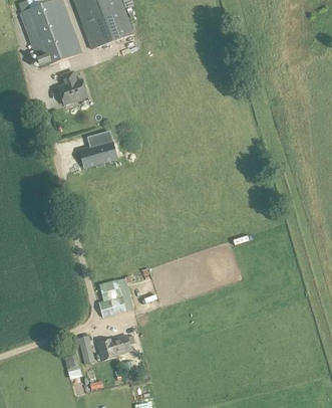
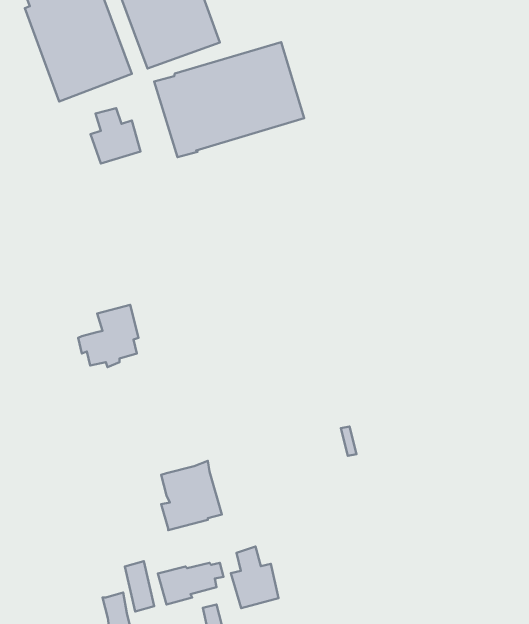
building: none -> [154,42,304,157]
building: [79,131,114,167] -> [78,305,139,367]
building: none -> [231,546,279,608]

